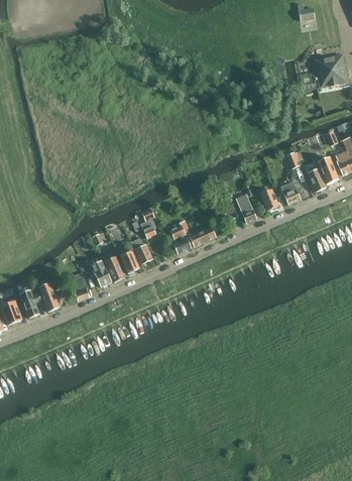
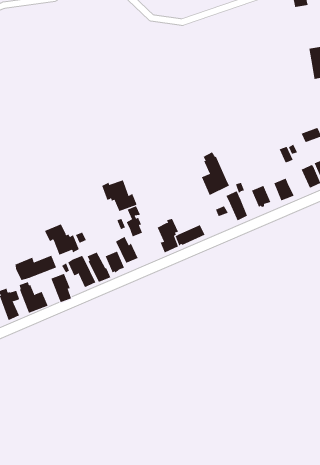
building: none -> [201,151,230,196]
building: none -> [102,180,137,212]
building: none -> [44,224,79,255]
building: none -> [15,255,57,281]

